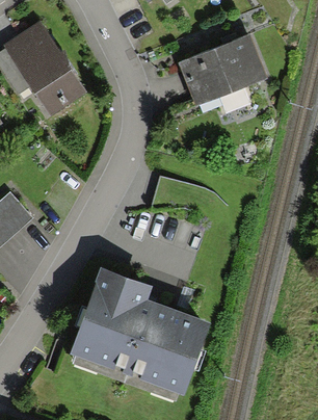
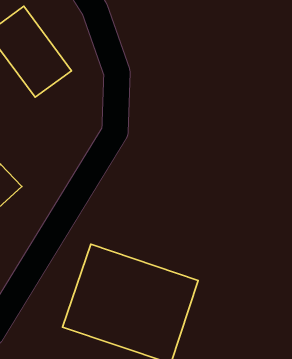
building: [191,37,270,103] -> none

